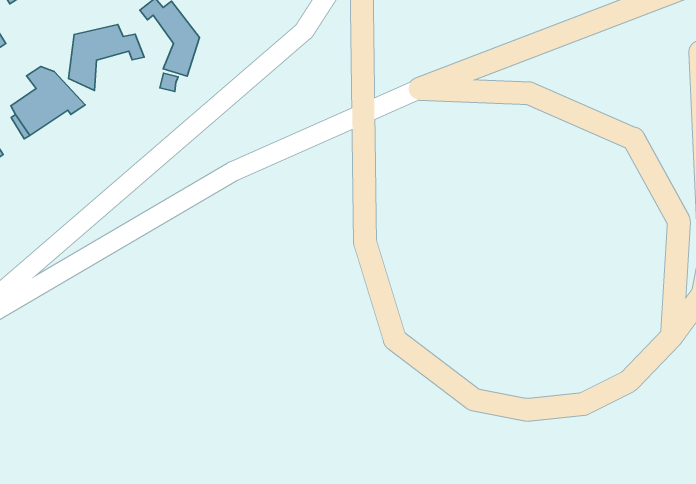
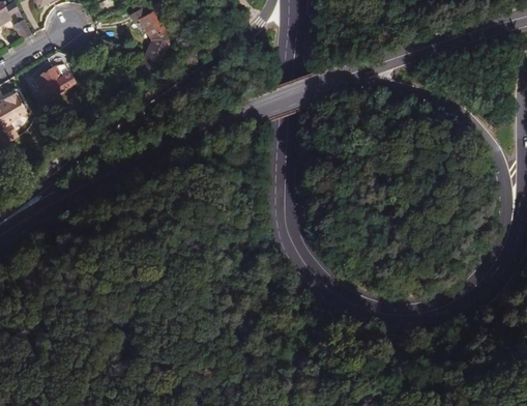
building: [68,24,144,91] -> none

